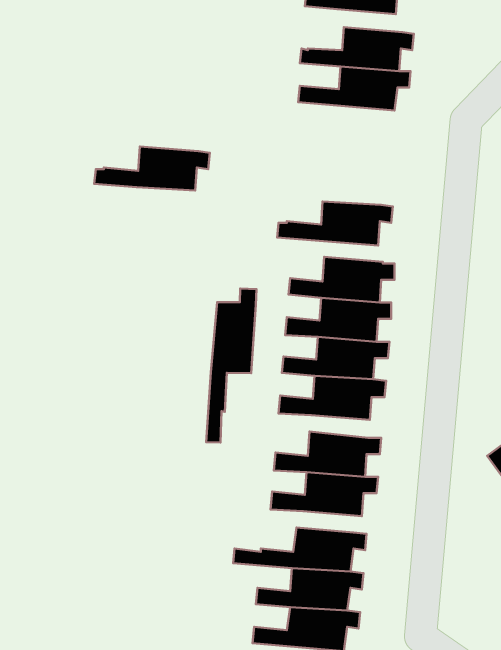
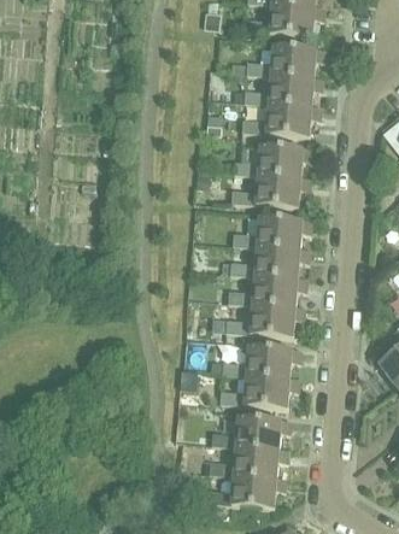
building: none -> [240,102,319,135]
building: [94,146,210,190] -> [225,143,311,176]
building: [206,288,256,443] -> none

